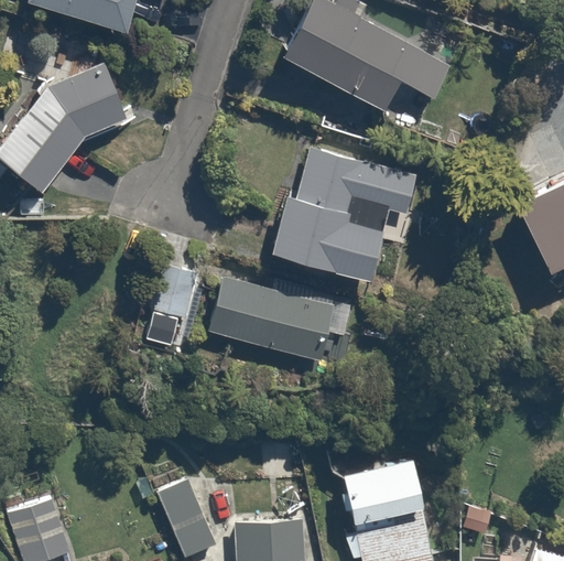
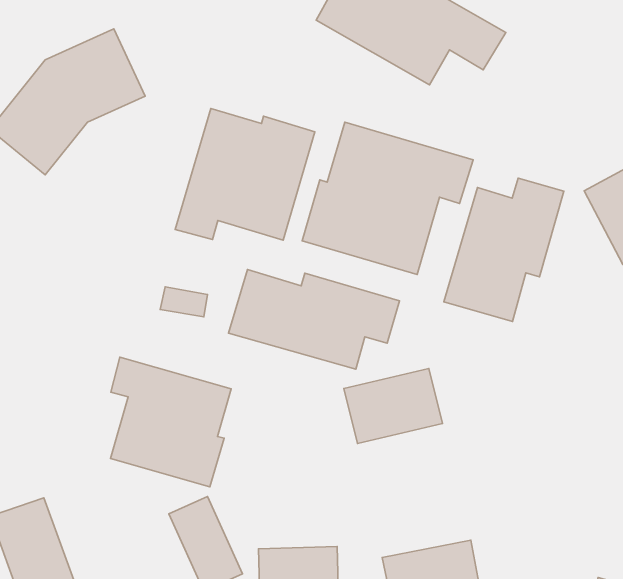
building: none -> [175,108,315,240]
building: none -> [444,178,564,322]
building: none -> [111,357,231,487]
building: [343,458,430,525] -> [344,369,442,443]

